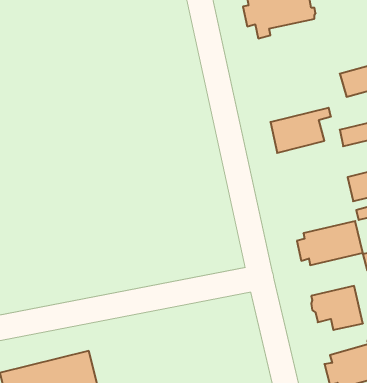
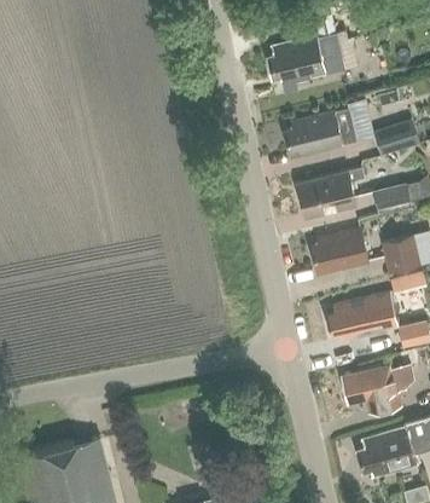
building: none -> [285,108,358,156]
building: none -> [312,227,370,272]

